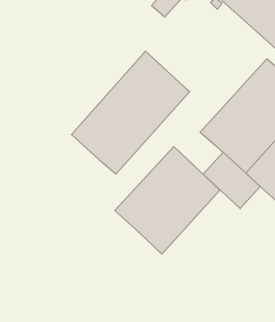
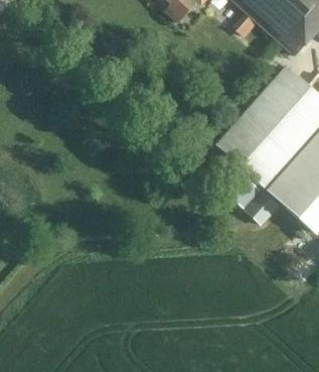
building: [71,51,190,174] -> none
building: [115,147,220,254] -> none

